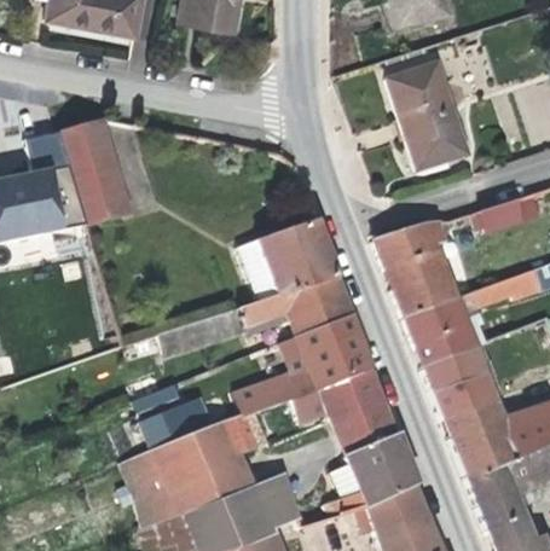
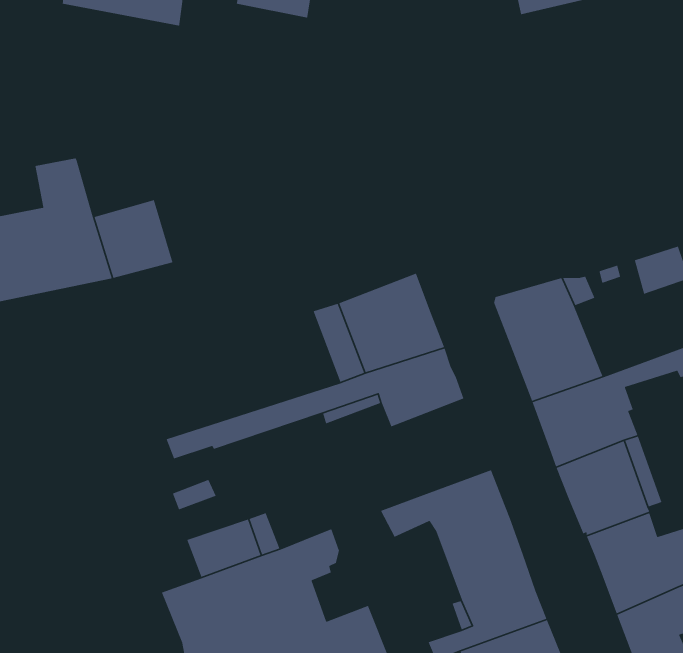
building: [390,64,469,169] -> none
building: [62,122,120,178] -> none
building: [233,315,375,418] -> none

